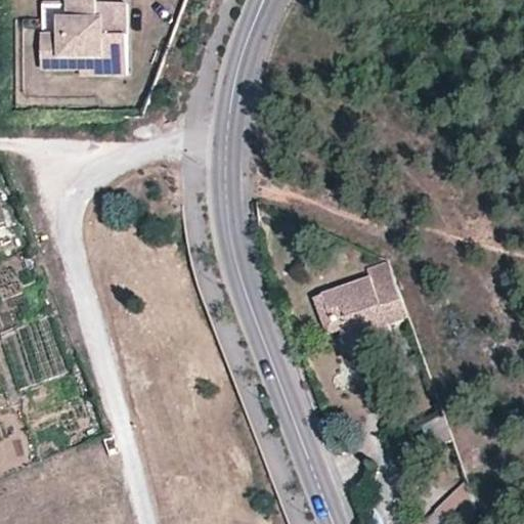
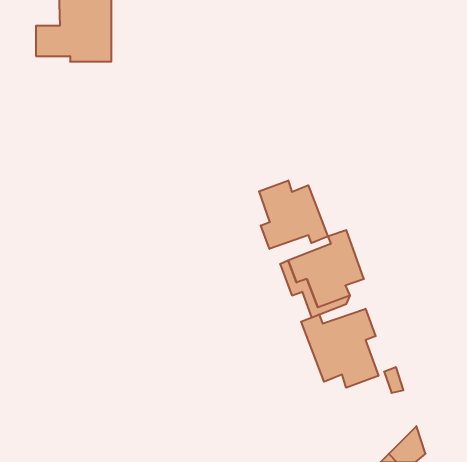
building: none -> [259,180,328,249]
building: none -> [301,309,378,388]

